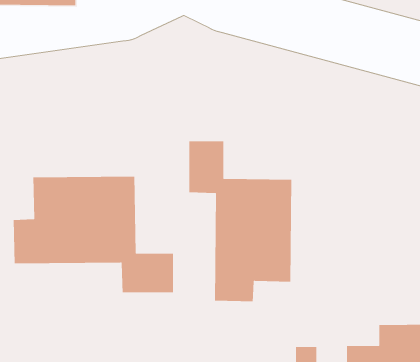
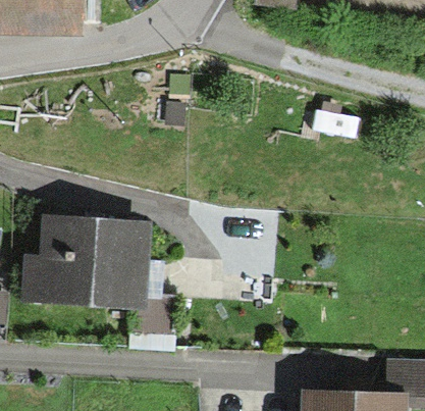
building: [189,141,292,302] -> none

